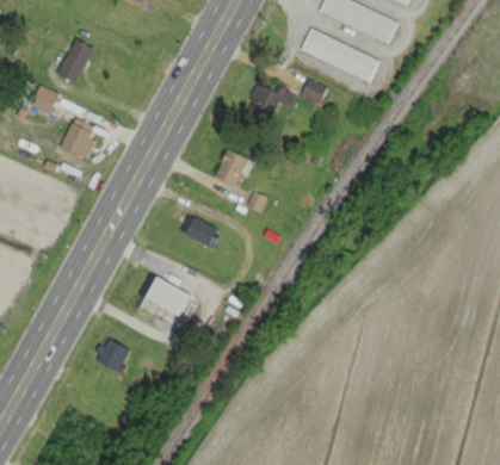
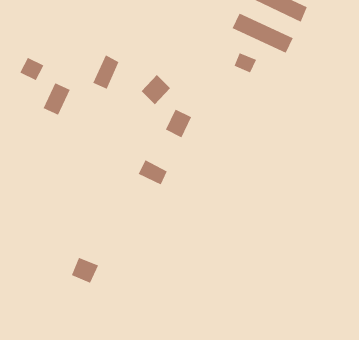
building: [58,38,93,83] -> [92,54,119,90]
building: [245,83,283,123] -> [141,74,171,105]
building: [138,277,192,326] -> none

